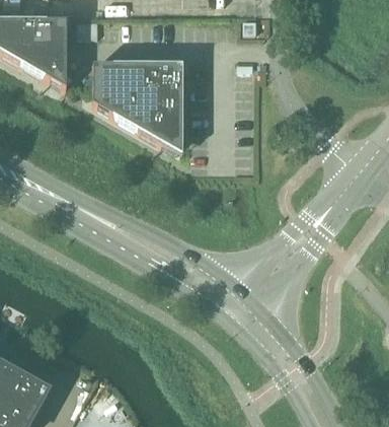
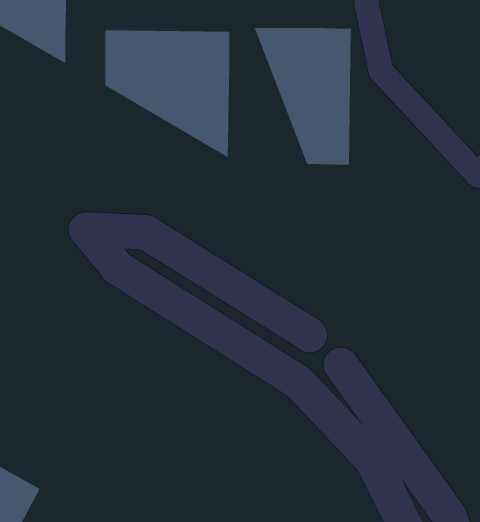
building: none -> [254,27,351,166]

